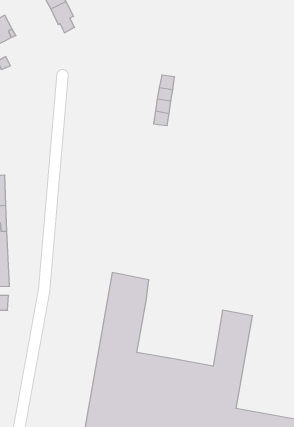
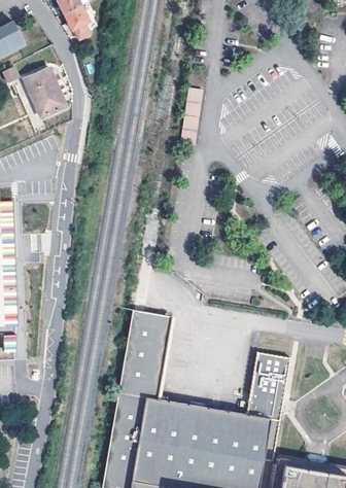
building: none -> [24,67,66,116]

